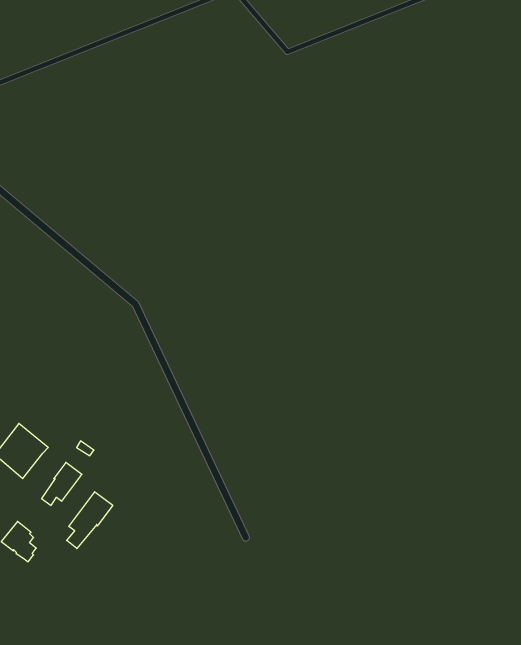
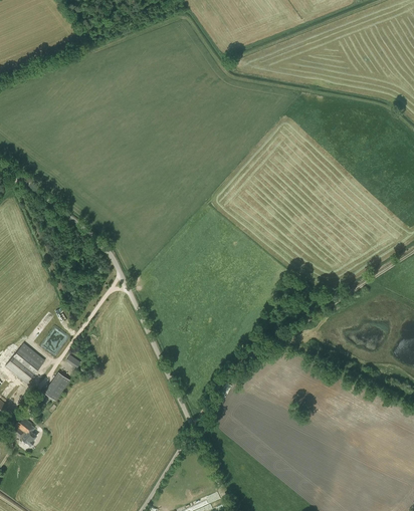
building: [67,492,113,549] -> none

